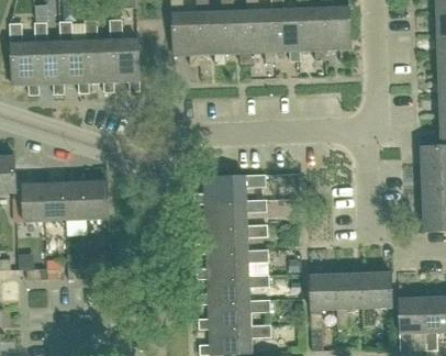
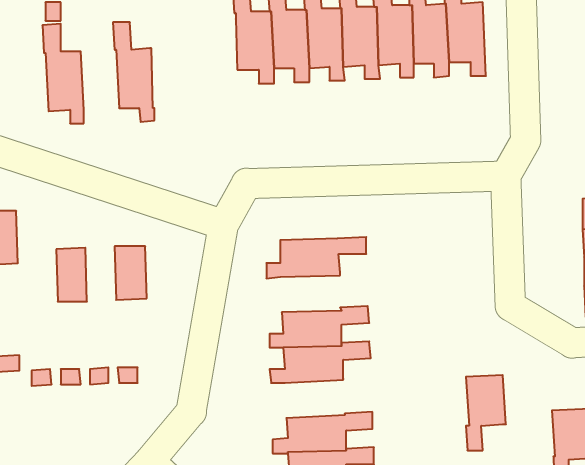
building: [110,19,141,91] -> none
building: [60,21,89,92] -> none
building: [9,22,40,93] -> none
building: [65,180,87,220] -> none
building: [22,182,45,221] -> none
building: [196,198,267,227] -> none
building: [364,271,392,325] -> none
building: [198,274,269,303] -> none
building: [311,274,339,327] -> none

